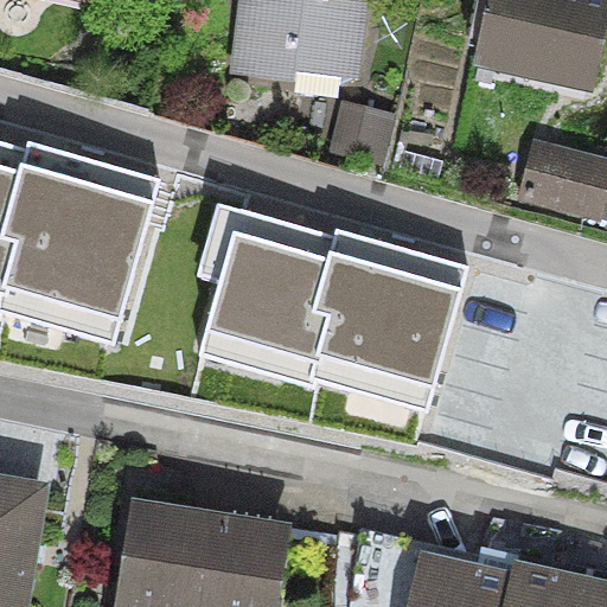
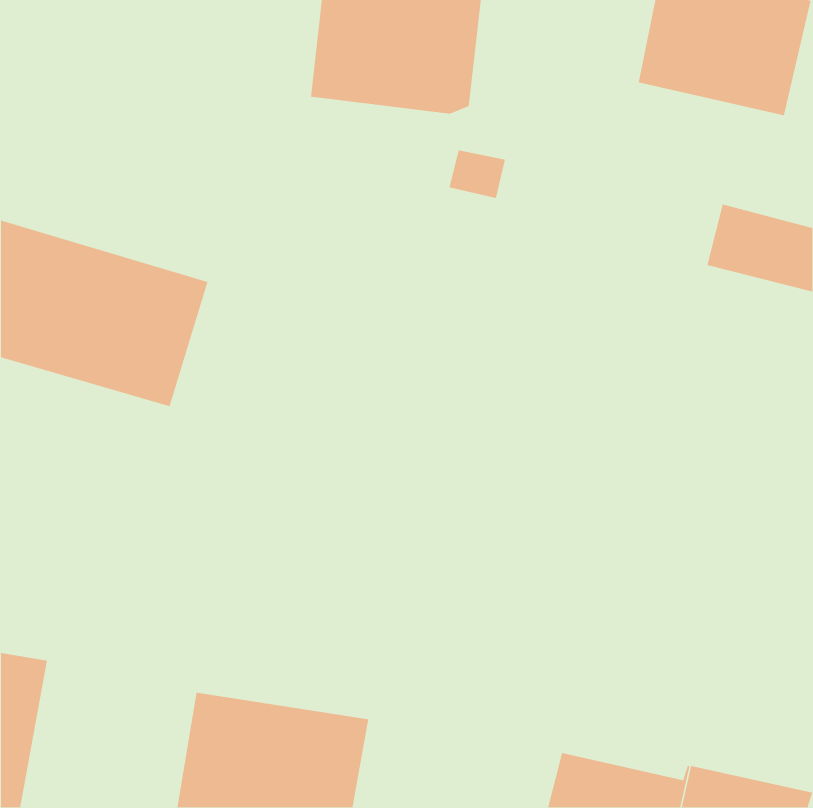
building: [209,226,459,385] -> none

